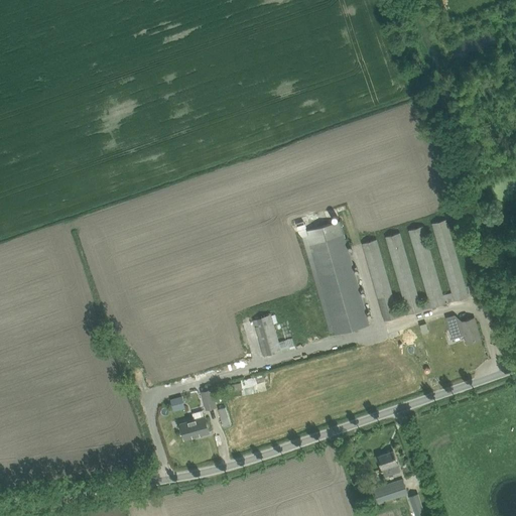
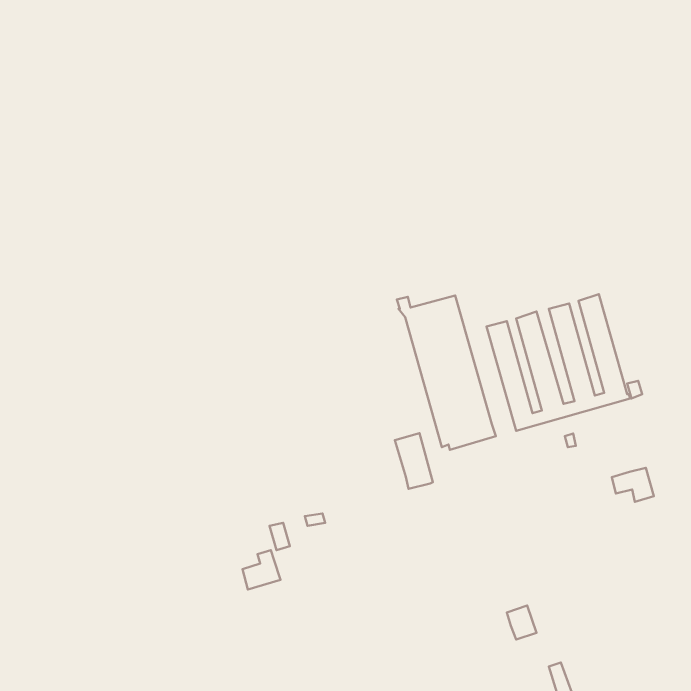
building: [253,314,281,356] -> [395,433,433,489]
building: [448,318,480,344] -> [612,468,654,502]
building: [373,480,407,503] -> none

